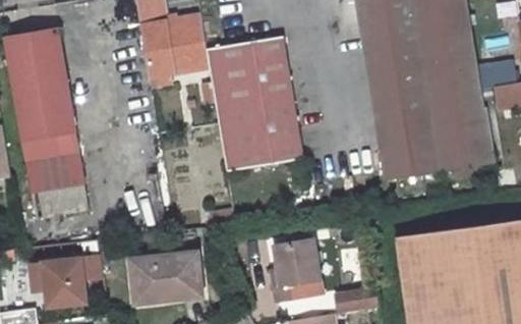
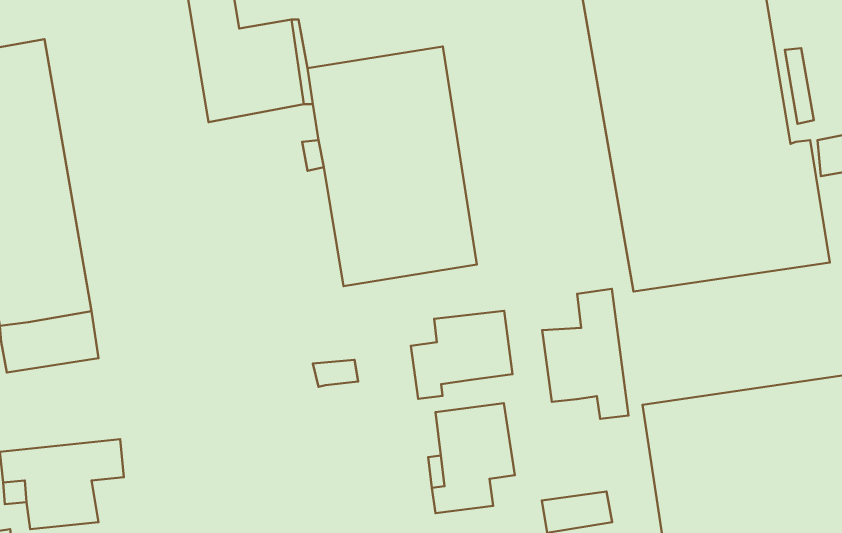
building: none -> [542,289,629,419]
building: none -> [411,311,513,399]
building: [128,254,200,307] -> none

